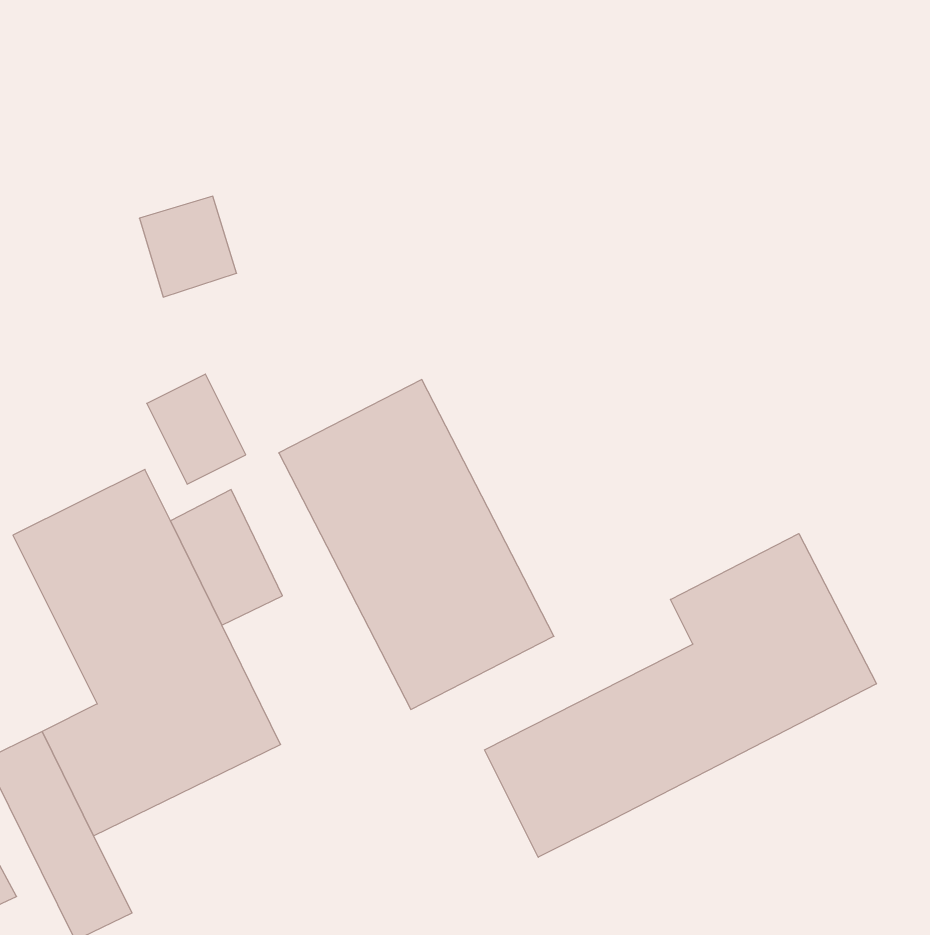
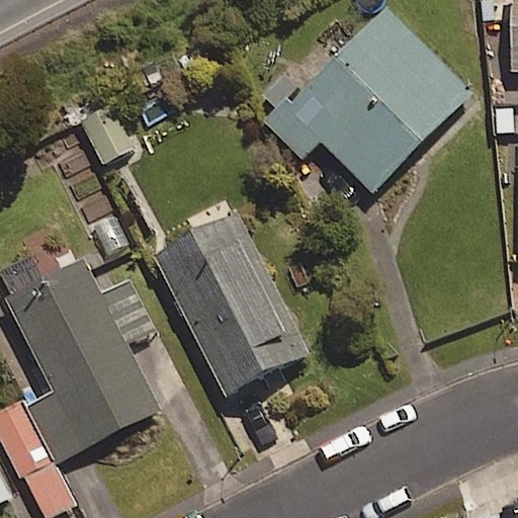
building: none -> [267,7,469,190]
building: [485,534,876,857] -> none

